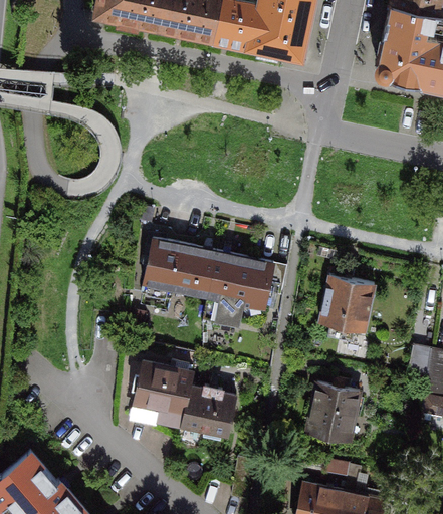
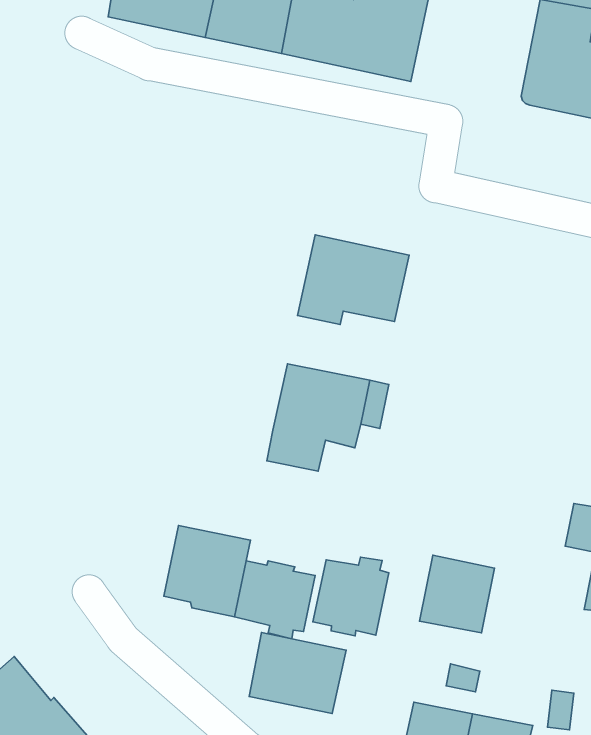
building: [142,237,218,298] -> [298,235,409,324]
building: [321,275,375,339] -> none
building: none -> [313,557,389,636]
building: none -> [249,632,346,714]

